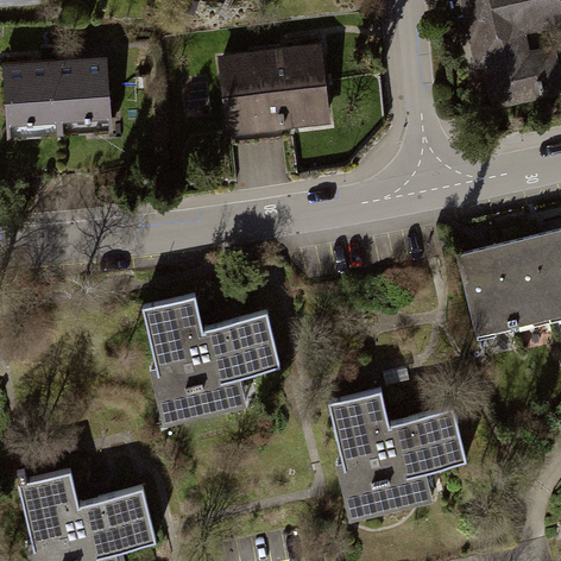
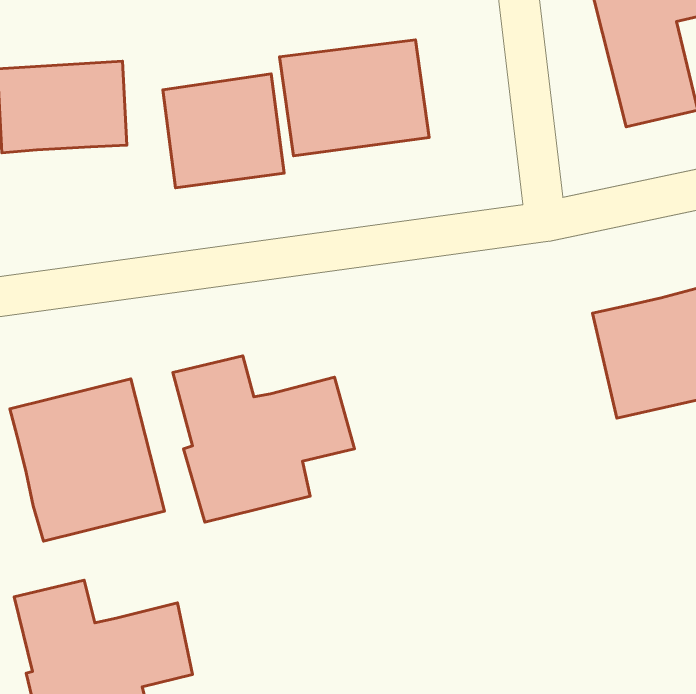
building: none -> [163,74,284,188]
building: none -> [10,379,165,541]
building: [326,386,466,518] -> none

